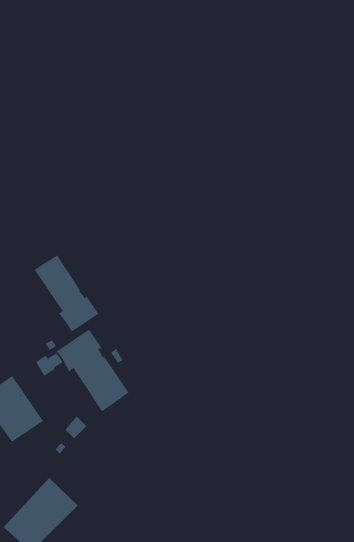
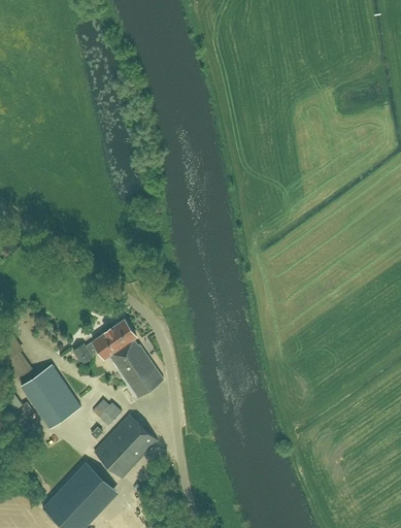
building: [34,254,99,332] -> none
building: none -> [95,416,157,478]

